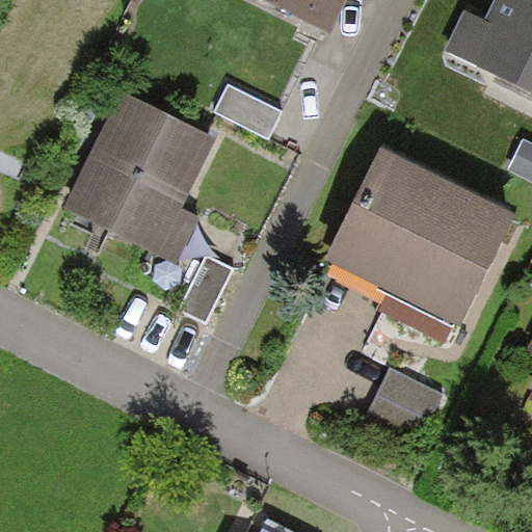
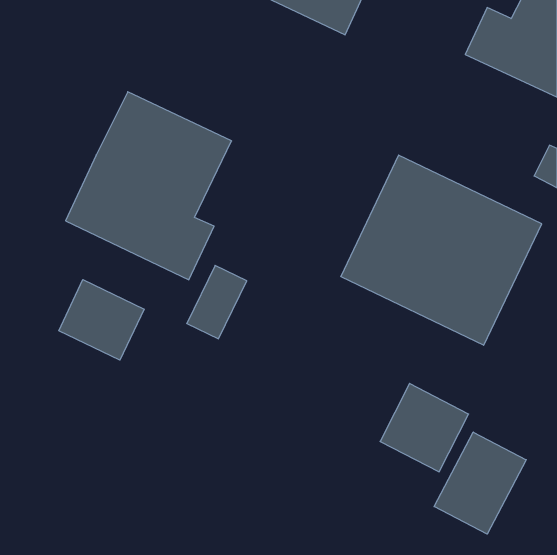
building: none -> [59,280,144,360]
building: none -> [434,432,526,534]

